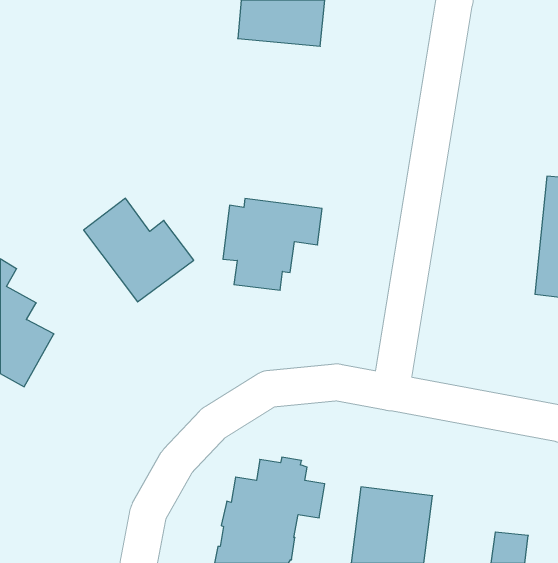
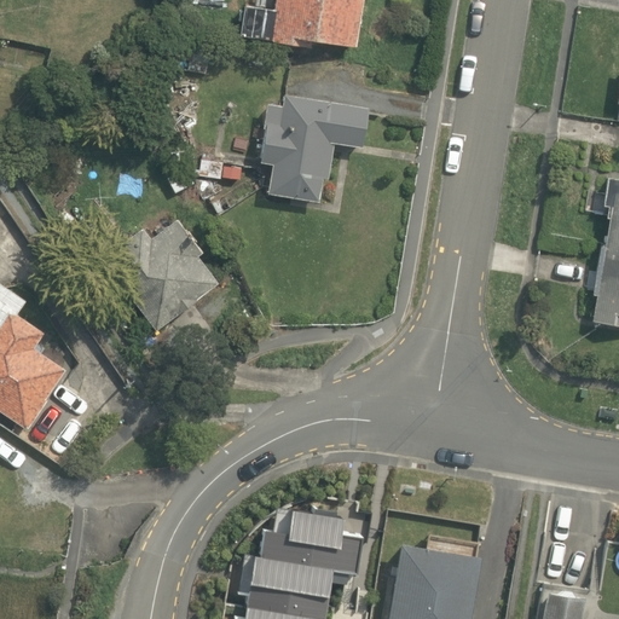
building: [223,199,322,290] -> [255,98,364,198]

